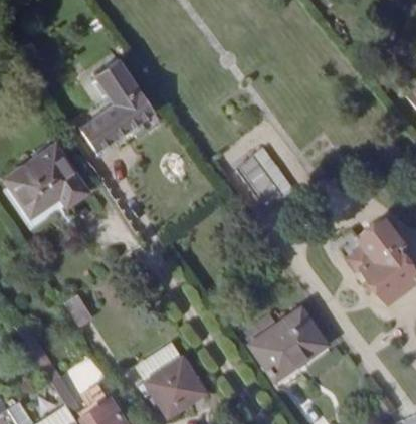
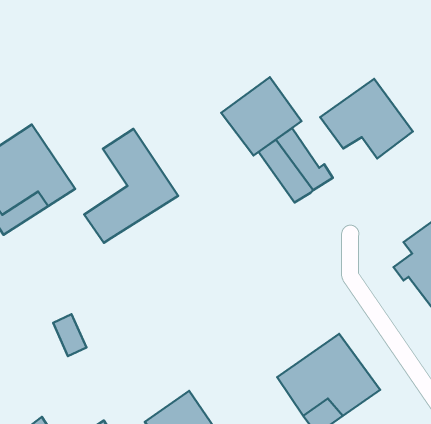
building: [77,57,154,150] -> [84,129,178,243]
building: none -> [221,77,301,155]
building: none -> [320,79,413,158]

